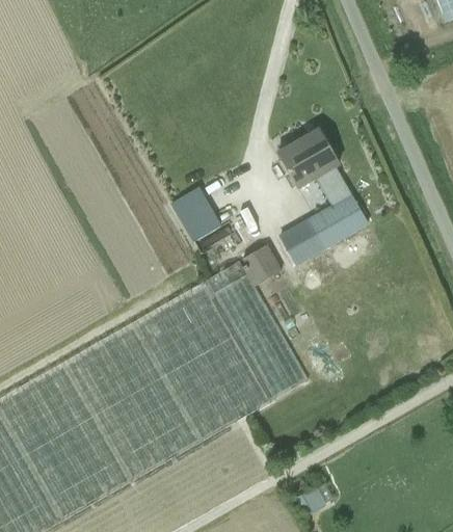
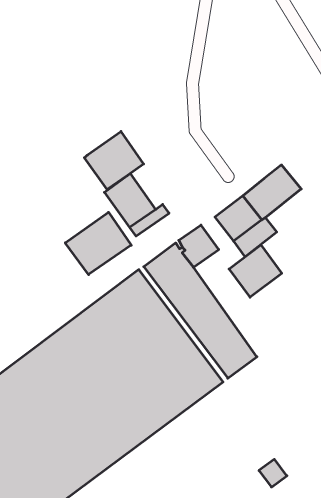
building: [279,128,352,207] -> none
building: none -> [84,131,144,189]
building: none -> [65,212,131,275]
building: none -> [229,245,282,297]

